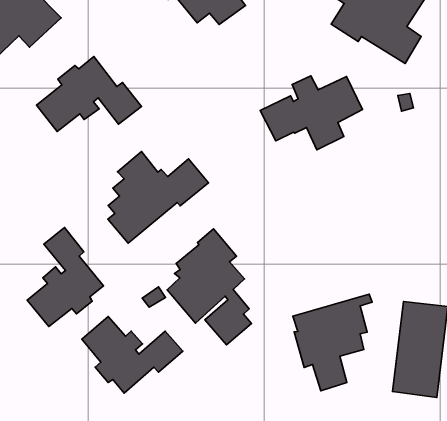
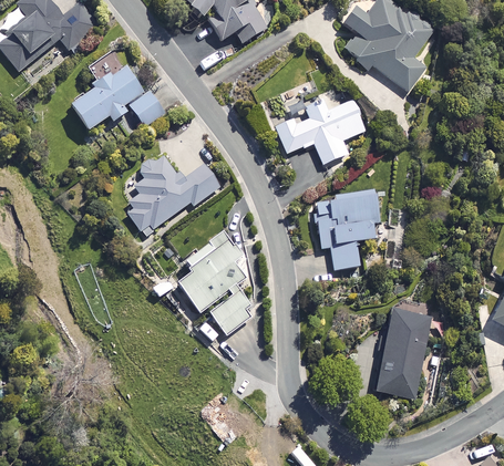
building: [27,227,104,327] -> none
building: [293,294,372,391] -> [316,187,389,271]
building: [82,316,183,393] -> none

